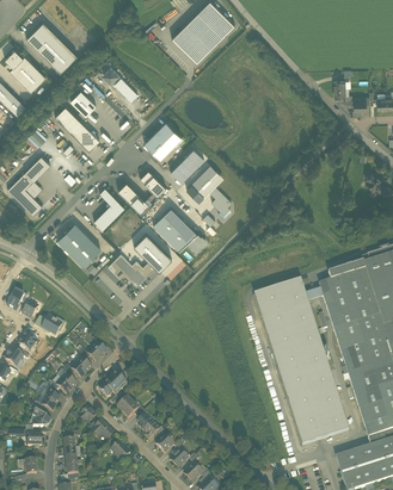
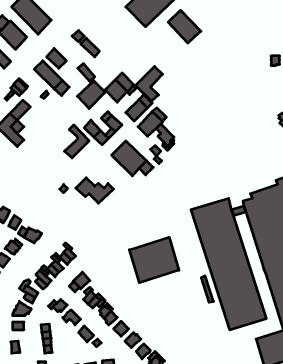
building: none -> [168,10,201,43]
building: none -> [135,66,163,101]
building: none -> [77,81,105,109]
building: [57,222,100,265] -> none
building: [134,232,172,271] -> none
building: none -> [129,237,179,283]

